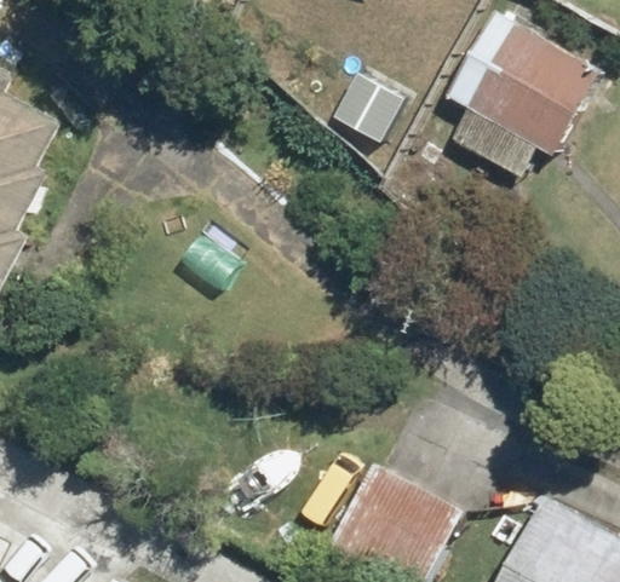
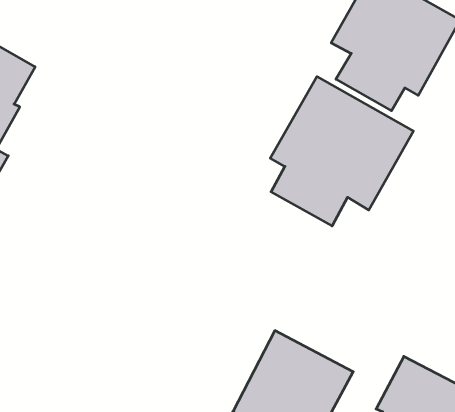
building: none -> [270,77,413,226]

